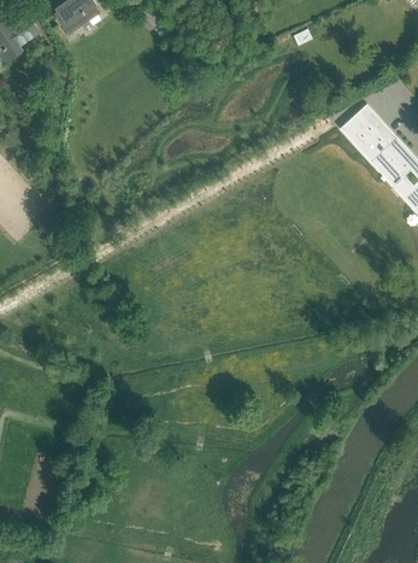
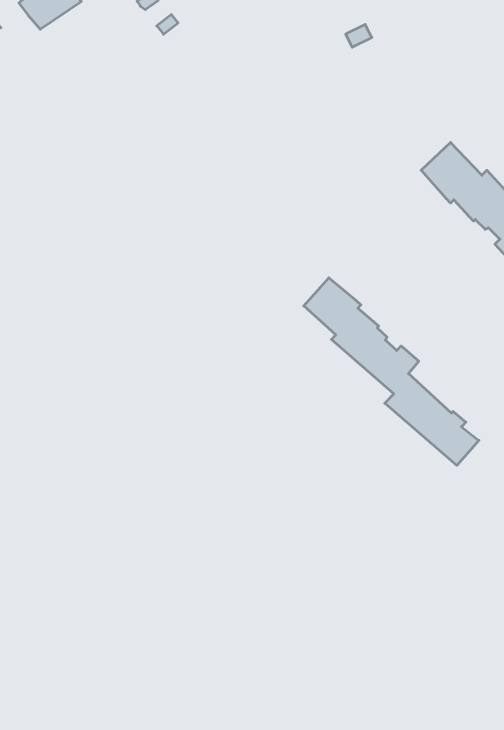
building: none -> [304,278,479,465]

